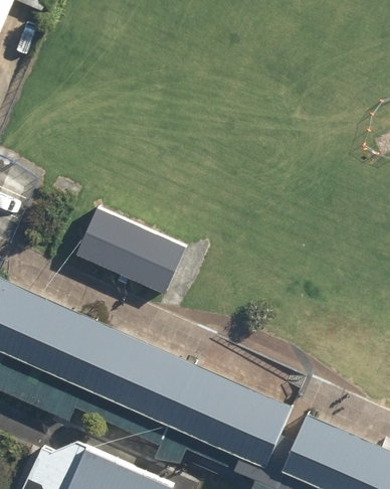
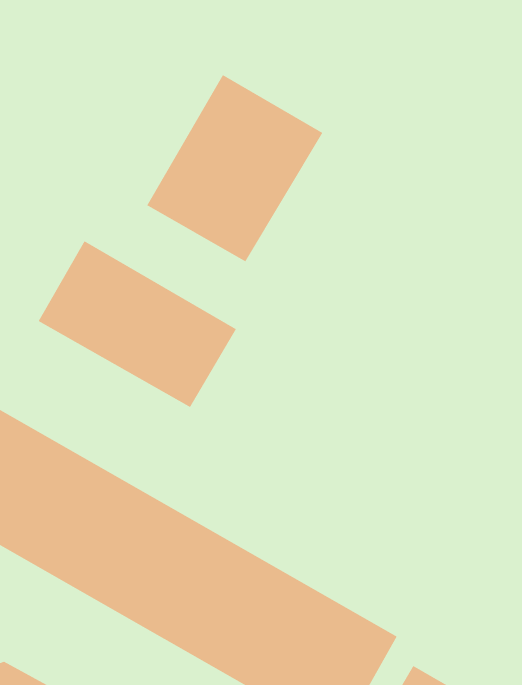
building: none -> [147,74,323,262]

